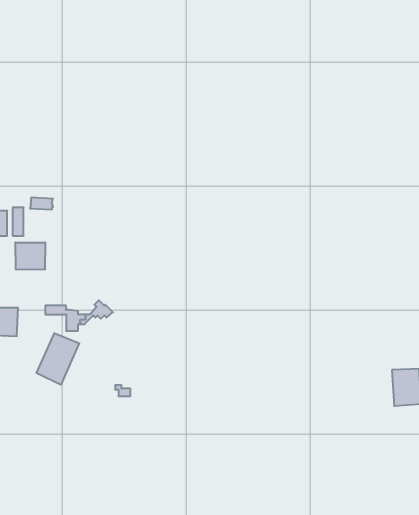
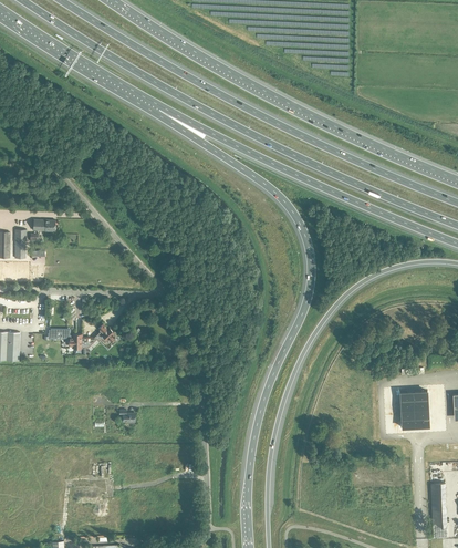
building: [15,242,45,270] -> none
building: [37,333,79,385] -> none

